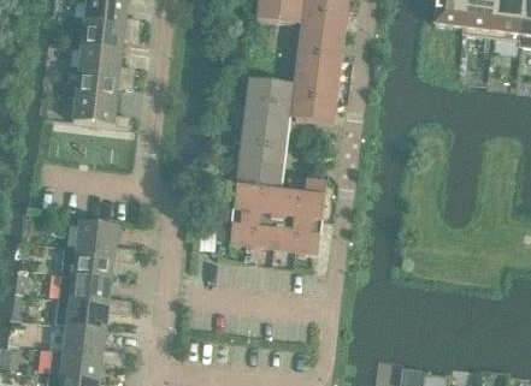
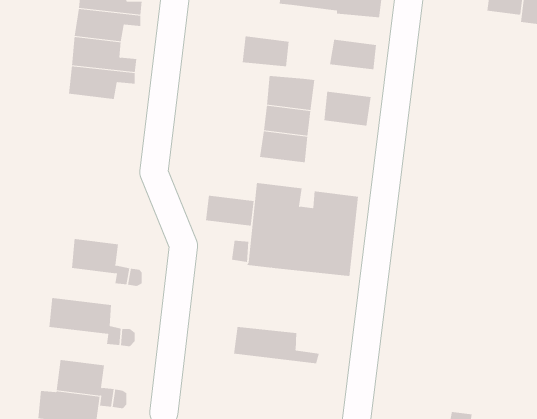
building: [302,25,342,52] -> none
building: [296,69,337,95] -> [242,36,290,67]
building: [71,94,128,124] -> none
building: [236,148,278,174] -> [205,195,254,226]
building: [60,243,116,274] -> none
building: none -> [233,326,319,364]
building: [57,293,108,326] -> none

